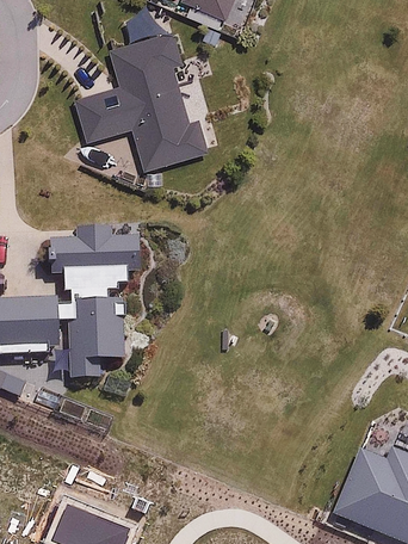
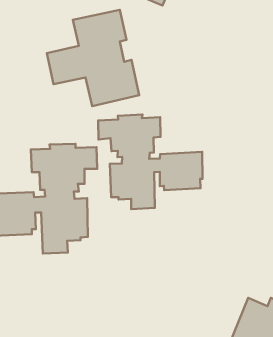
building: none -> [98,114,202,209]

